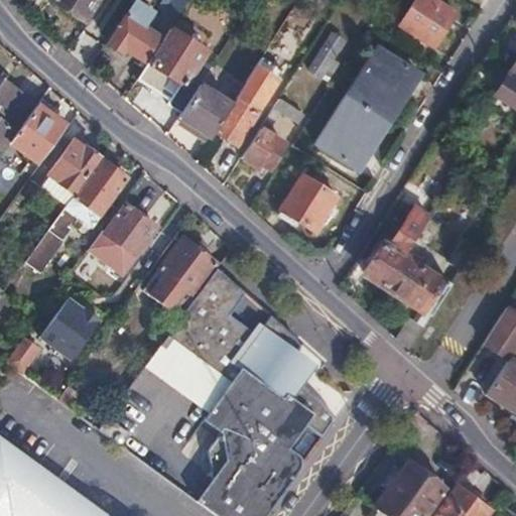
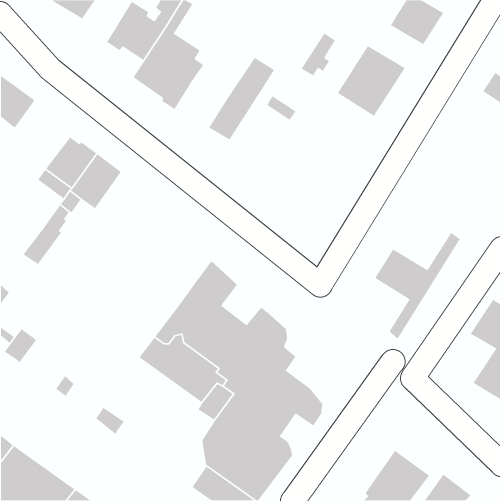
building: [177,84,233,138] -> none
building: [317,96,386,168] -> none
building: [10,102,63,161] -> none
building: [244,129,285,169] -> none
building: [282,176,337,231] -> none
building: [87,204,153,272] -> none
building: [368,208,429,285] -> none
building: [143,236,219,316] -> none
building: [38,292,98,358] -> none

